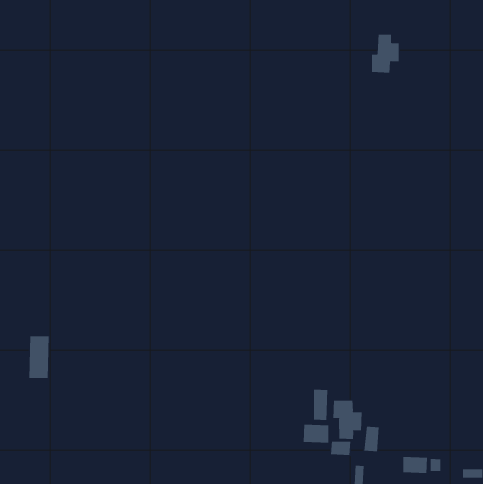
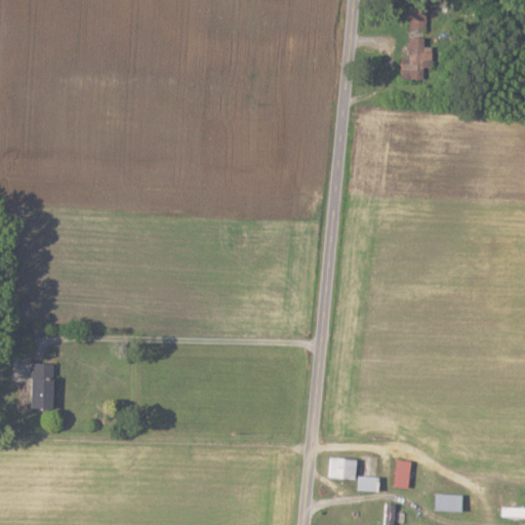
building: none -> [408,7,426,30]
building: [313,389,328,421] -> none
building: [333,400,362,440] -> none

